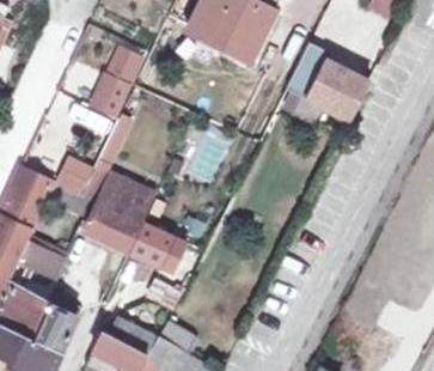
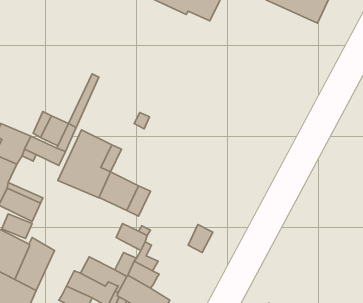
building: [286,43,368,120] -> none
building: [93,51,142,117] -> none

